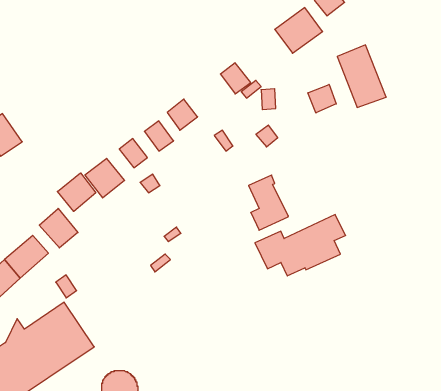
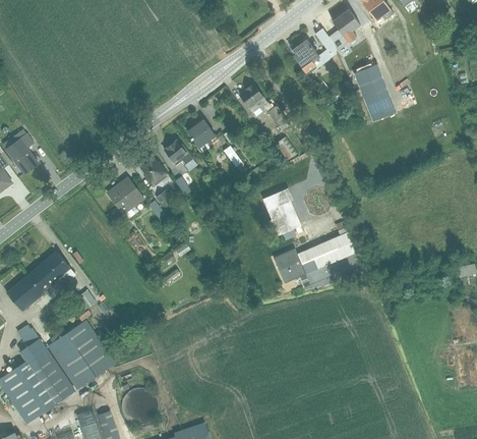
building: [308,84,336,113] -> none
building: [57,173,96,211] -> none
building: [39,208,78,248] -> none

